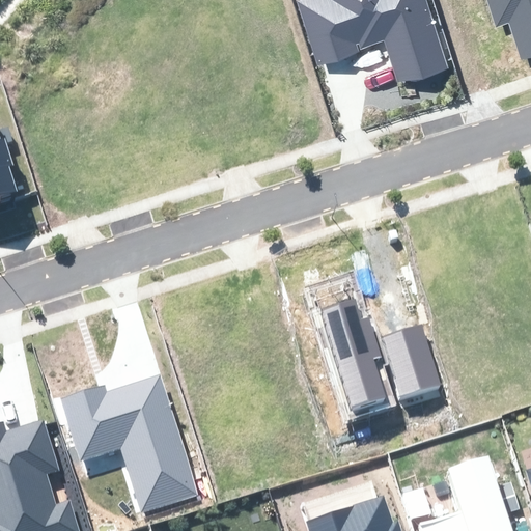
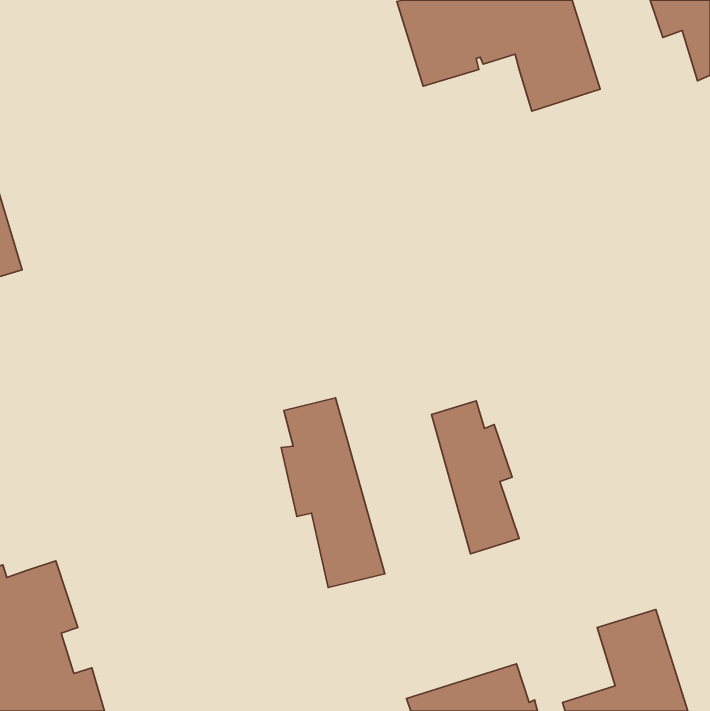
building: none -> [281,398,385,588]
building: [381,326,439,399] -> none
building: [61,374,197,512] -> none

